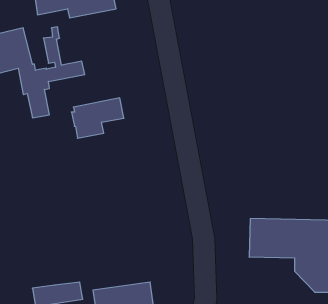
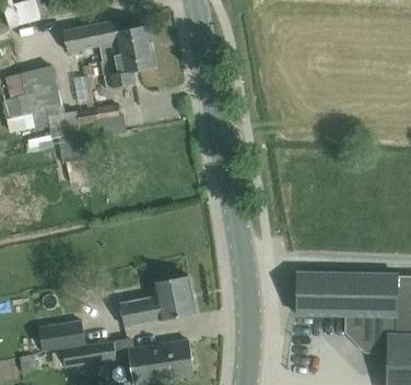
building: [71,98,124,138] -> [99,45,156,88]
building: none -> [120,275,196,326]
building: none -> [38,318,85,350]

